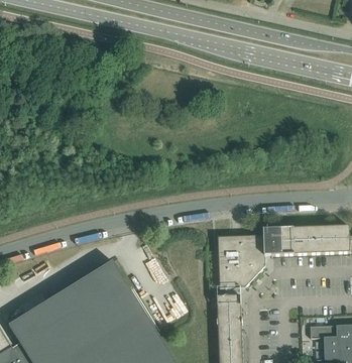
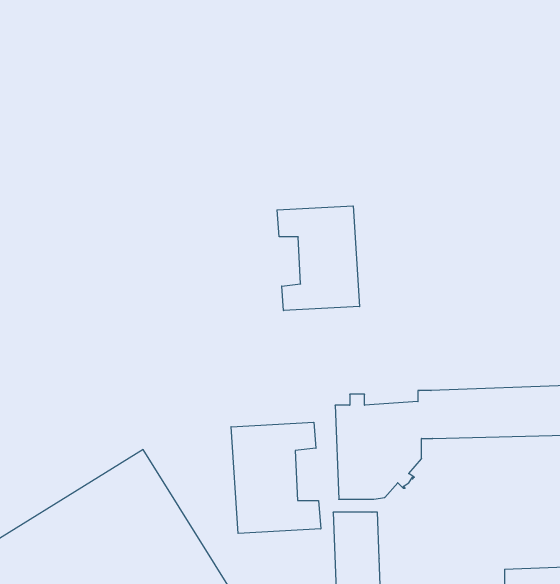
building: none -> [277,206,360,311]
building: none -> [231,422,321,533]

